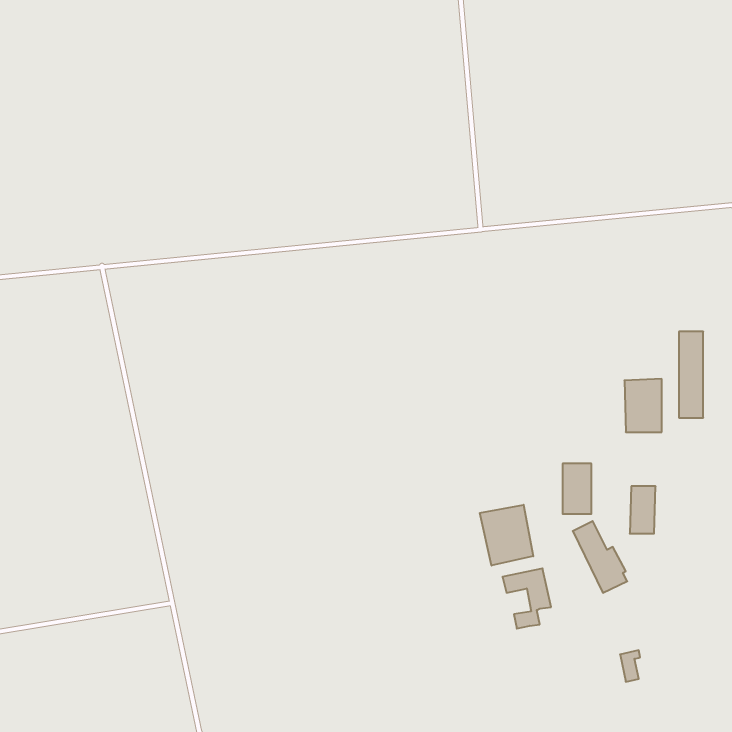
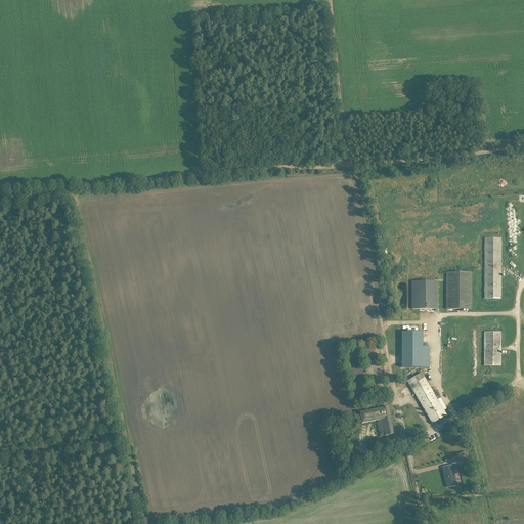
building: none -> [411,279,438,308]
building: [630,486,656,534] -> [483,331,501,364]
building: [480,505,533,566] -> none

